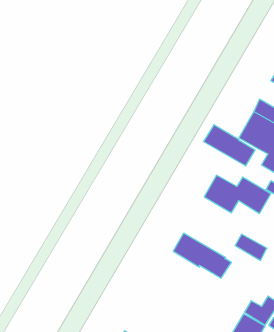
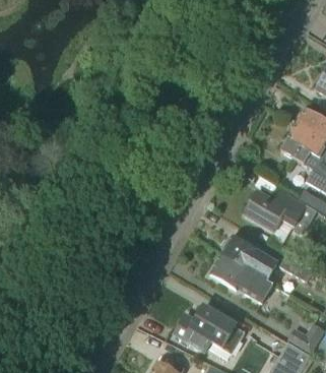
building: [203,125,255,166] -> [222,236,278,281]
building: none -> [175,306,246,354]

